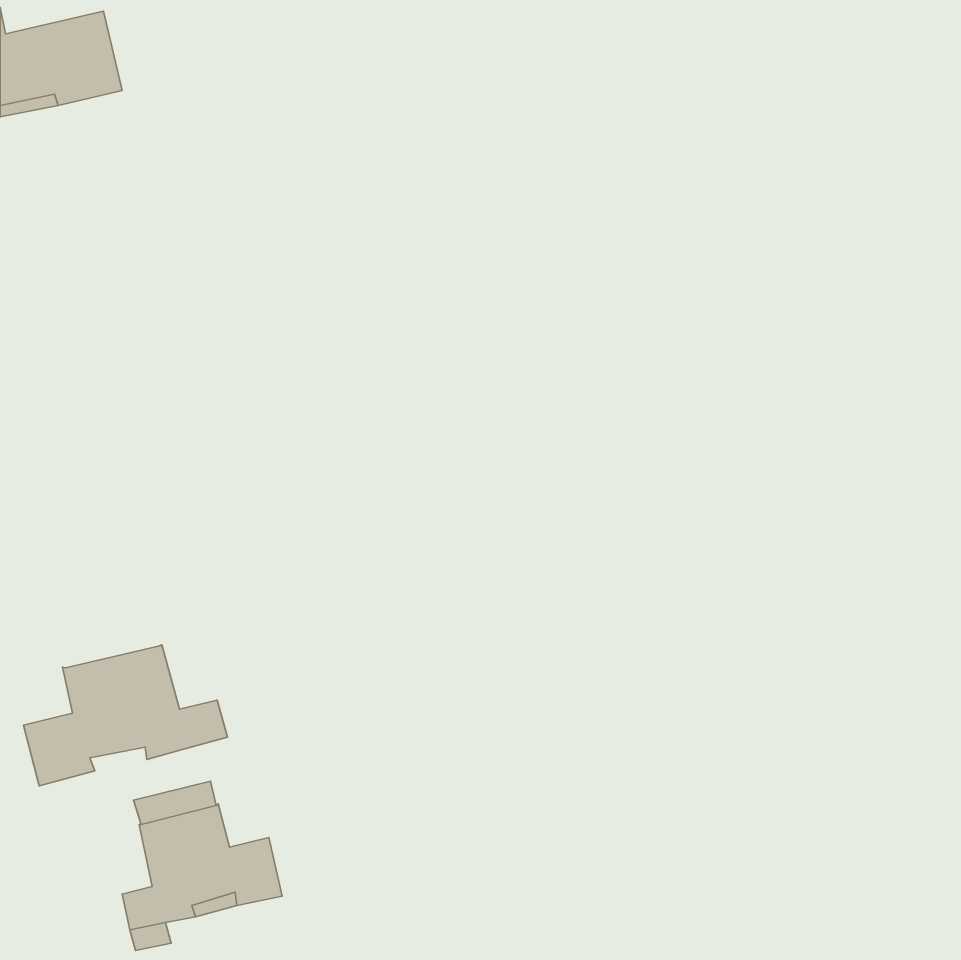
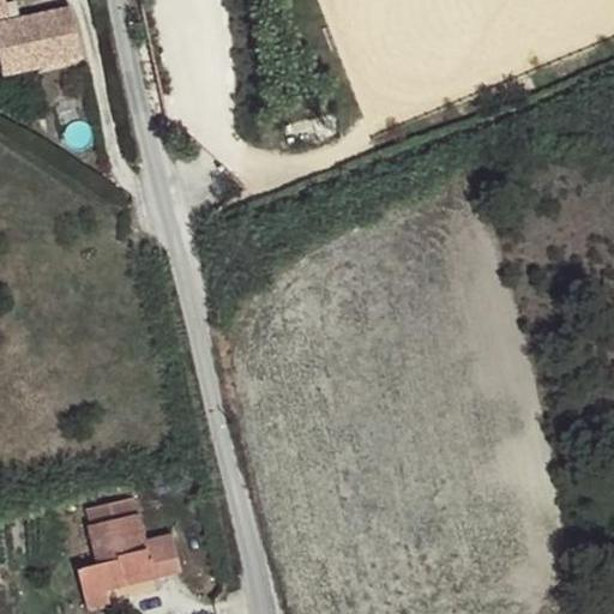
building: [23,645,228,786] -> none

